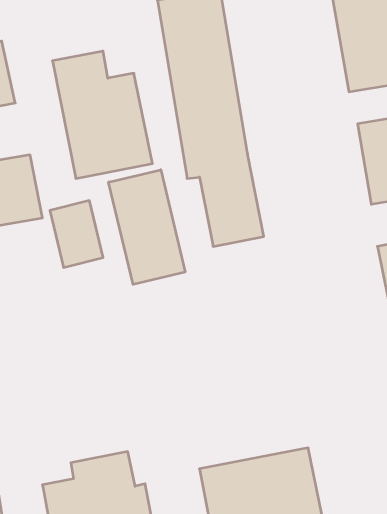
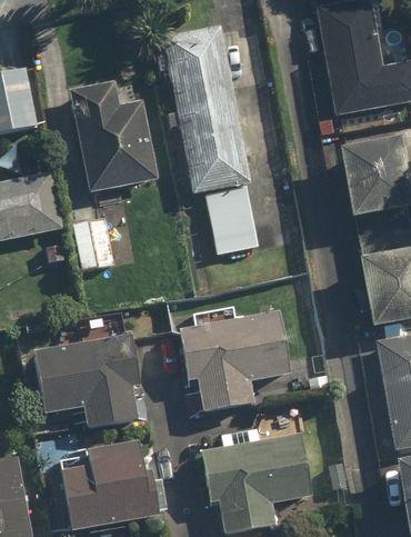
building: [109,170,185,284] -> none
building: none -> [177,310,285,414]
building: none -> [34,336,140,426]

